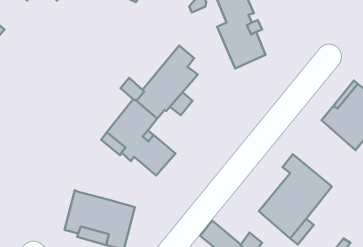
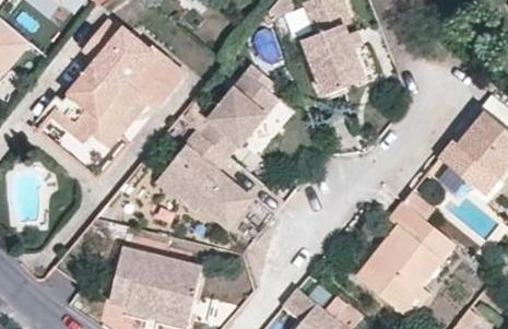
building: none -> [49,16,187,148]

